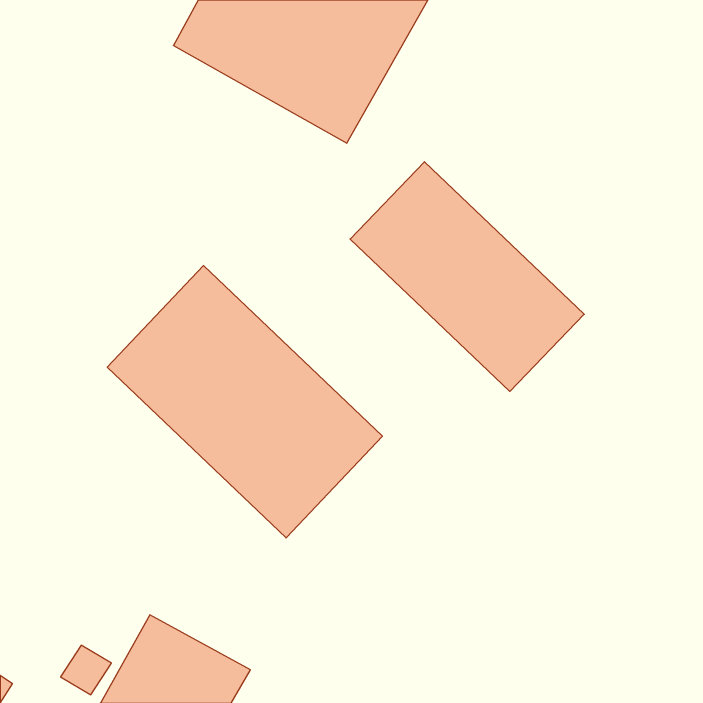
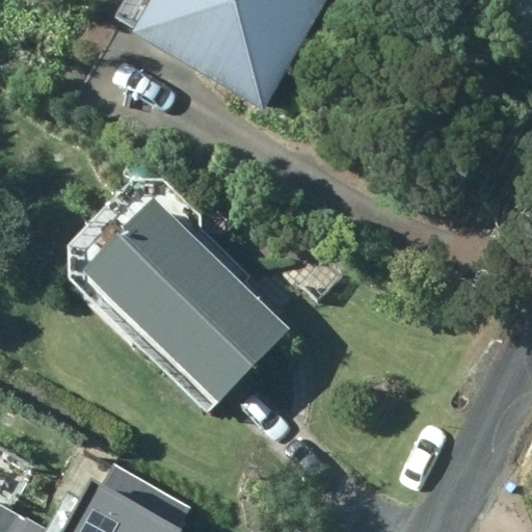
building: [350,162,584,391] -> none

